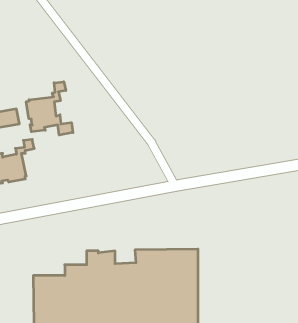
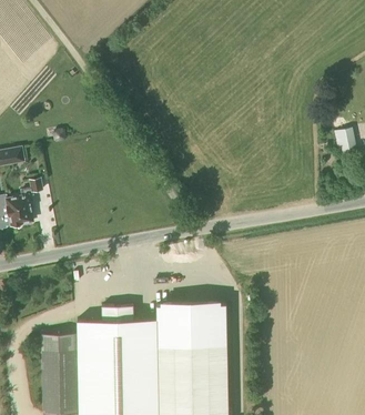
building: [26,82,73,135] -> none

